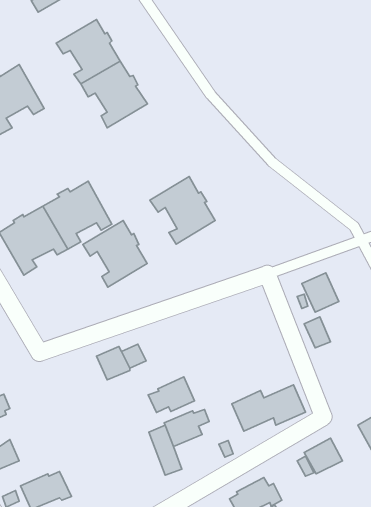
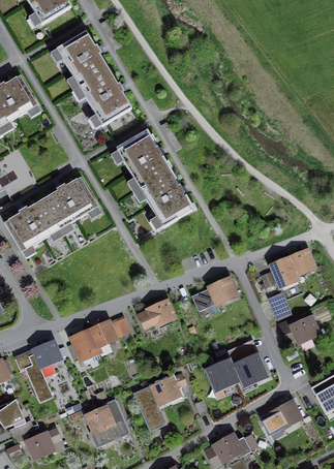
building: [83,221,147,287] -> [113,134,169,192]
building: none -> [289,248,314,275]
building: none -> [190,276,237,311]
building: none -> [280,314,320,345]
building: none -> [68,327,99,363]
building: none -> [14,339,61,403]
building: [148,377,195,413] -> [134,299,175,330]
building: none -> [81,400,129,448]

